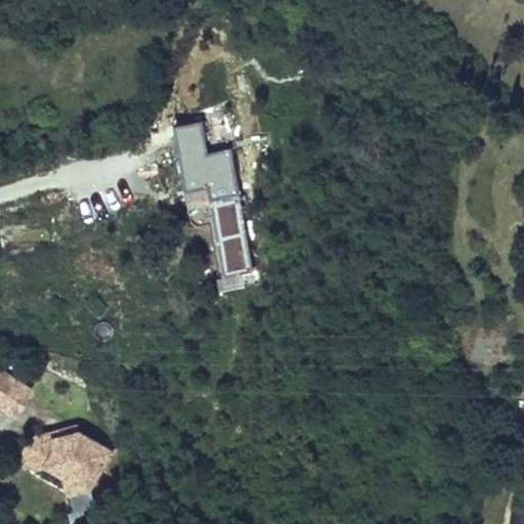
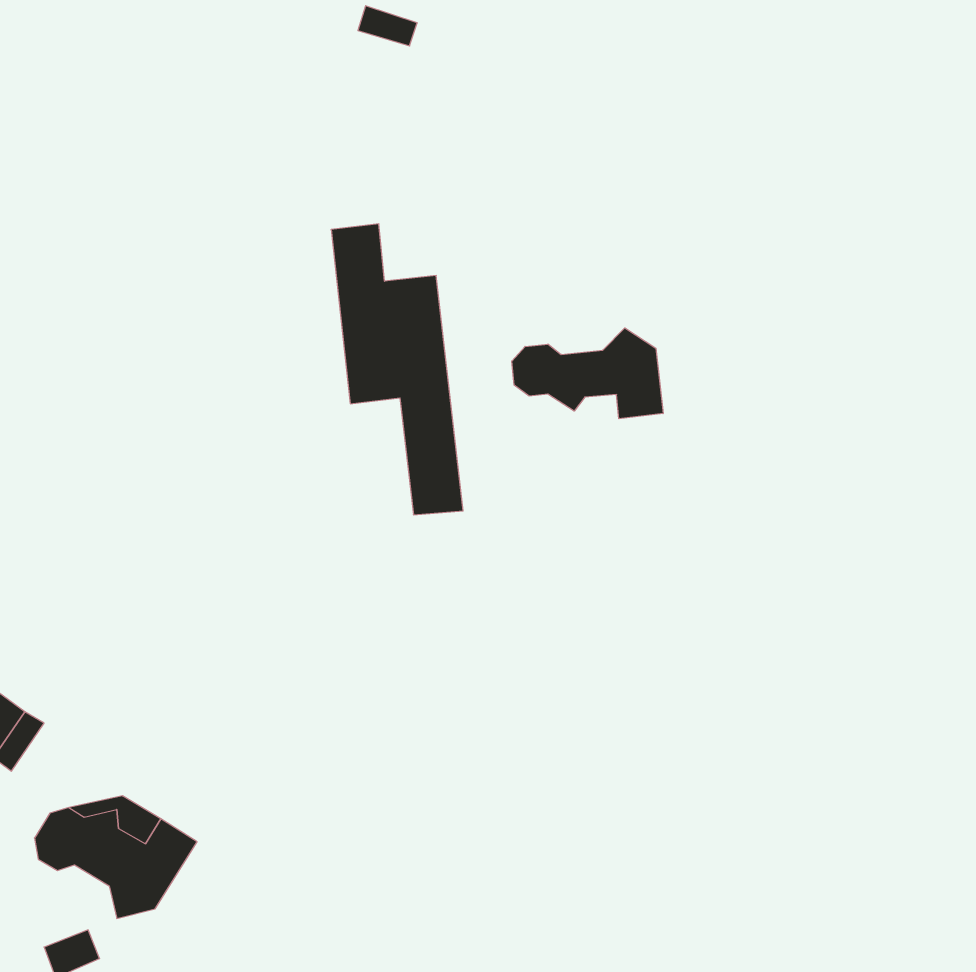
building: none -> [512,328,663,419]

